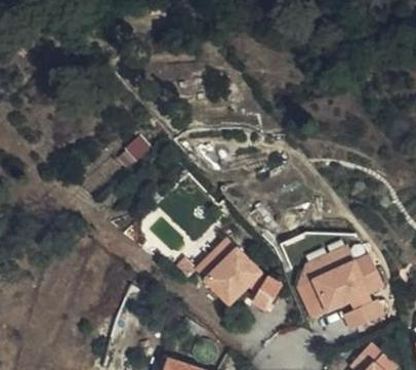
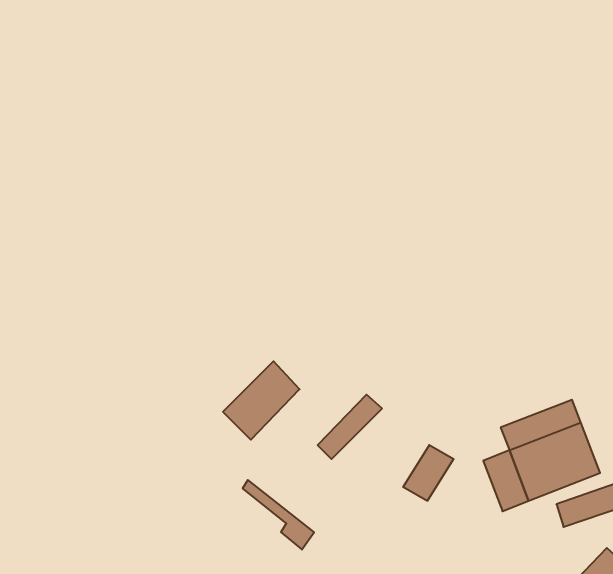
building: [210,255,255,301] -> [223,361,300,440]

